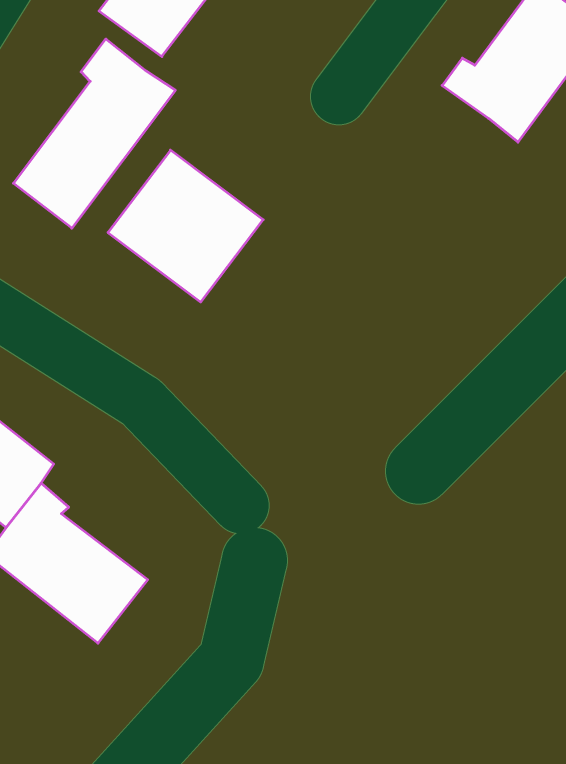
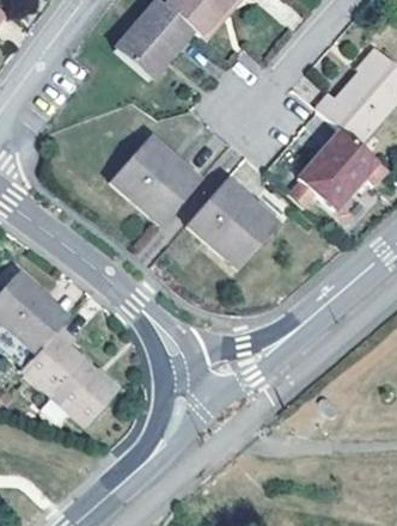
building: [13,39,175,228] -> none
building: none -> [298,128,378,209]
building: none -> [187,178,279,269]

